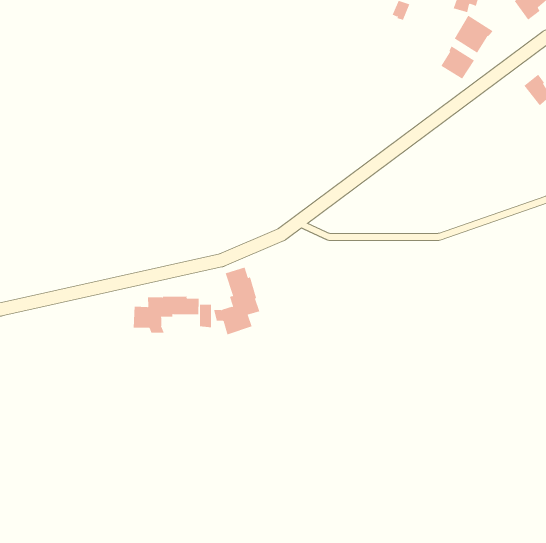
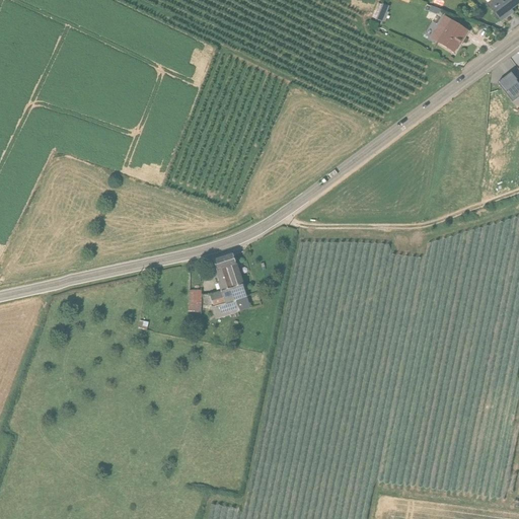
building: [440,46,475,79] -> none
building: [133,296,199,333] -> none

